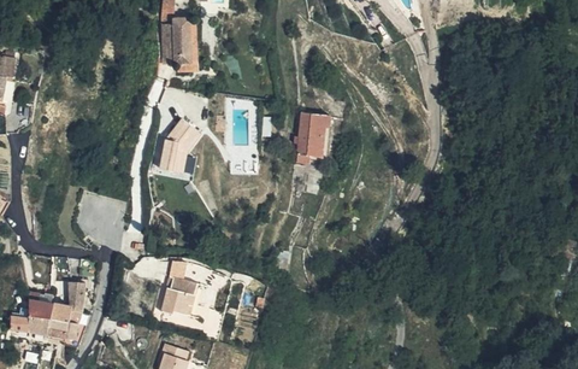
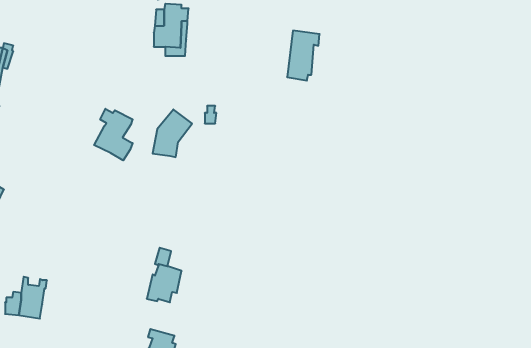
building: [294,113,328,165] -> [287,31,320,81]
building: none -> [94,109,133,160]
building: [46,283,88,351] -> none

